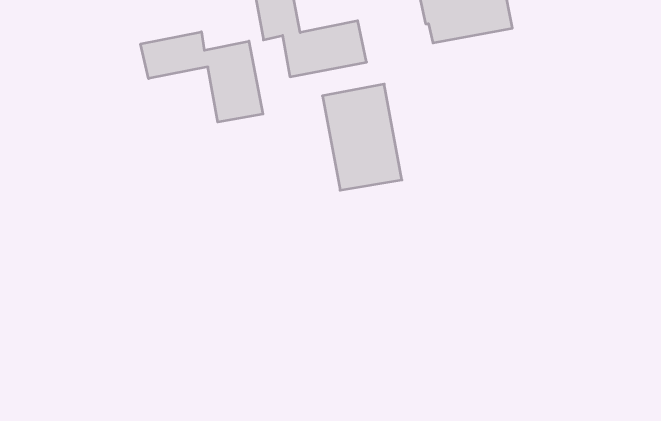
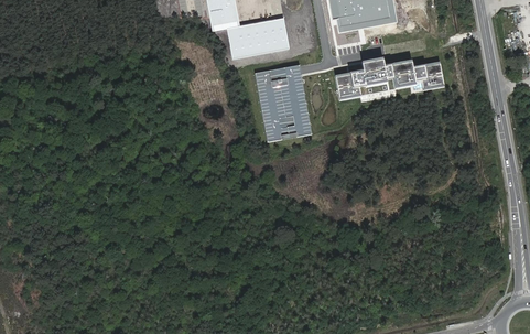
building: [141,32,263,122] -> none
building: none -> [334,58,442,100]

